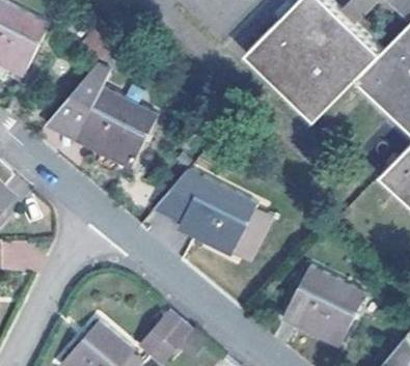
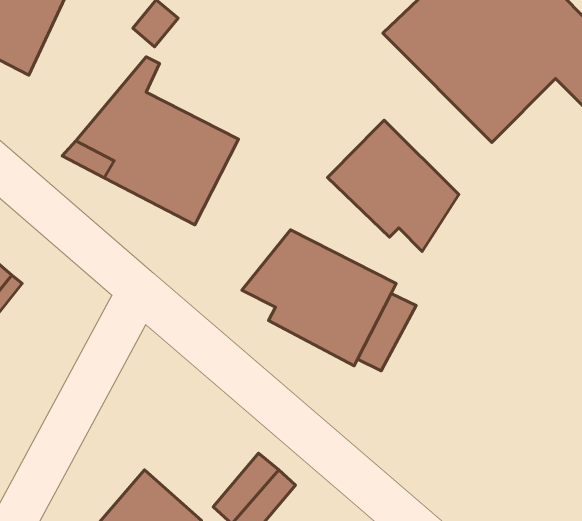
building: none -> [327,120,459,252]
building: [280,264,362,346] -> none

